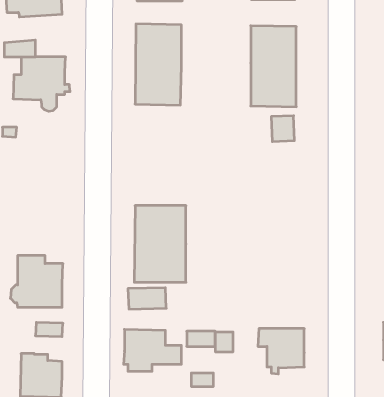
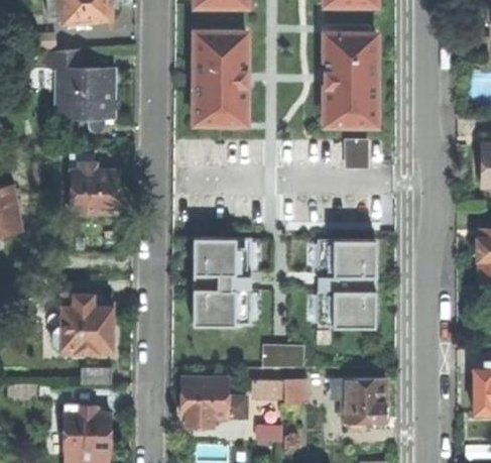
building: none -> [72,164,118,214]
building: none -> [318,240,375,327]
building: [128,288,166,309] -> [265,342,309,366]

